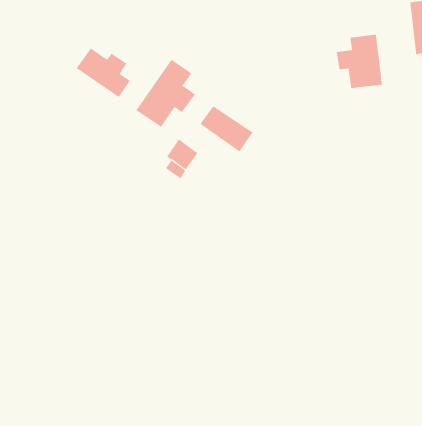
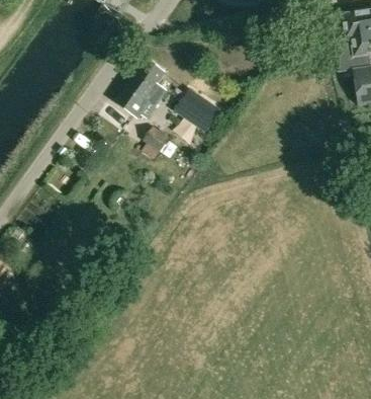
building: [336,34,382,89] -> none
building: [76,48,131,98] -> none

